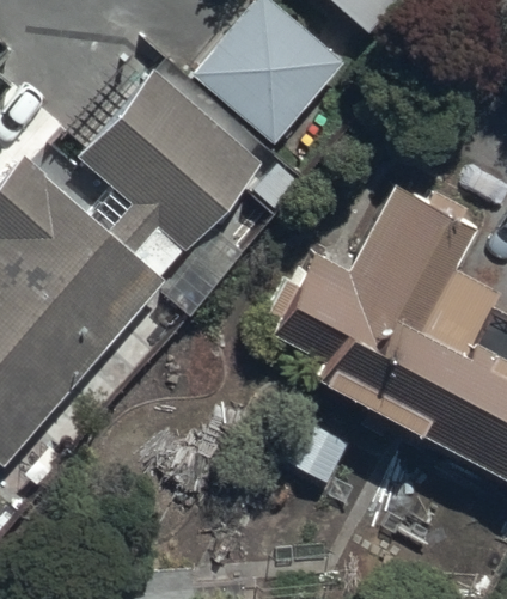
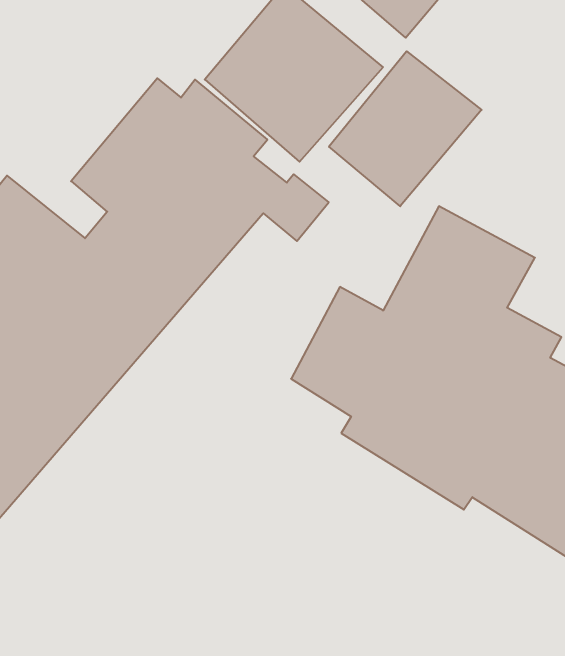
building: none -> [329,51,482,206]

